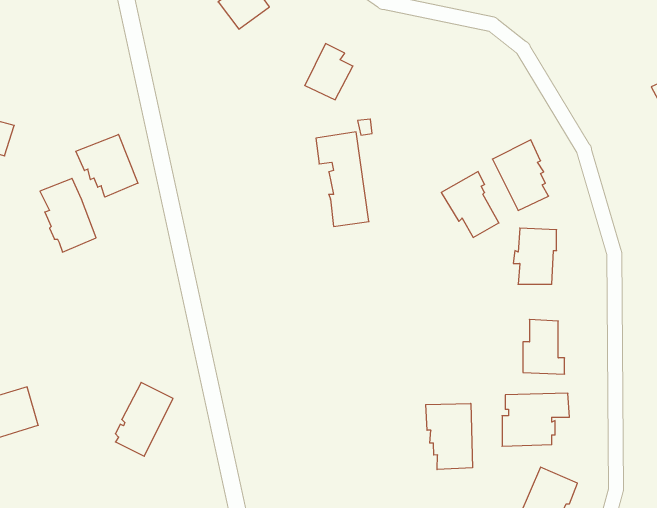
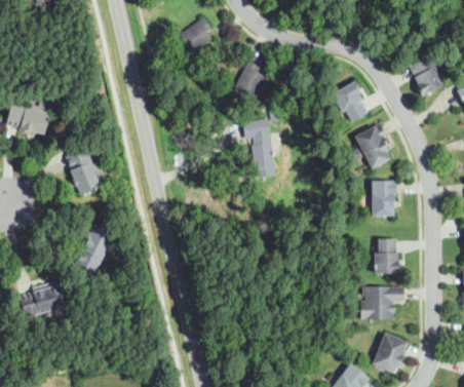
building: none -> [408,54,444,95]
building: [76,134,138,197] -> none
building: [441,172,499,237] -> [332,80,369,122]
building: [115,382,173,456] -> [76,225,113,272]
building: [426,403,472,470] -> none

